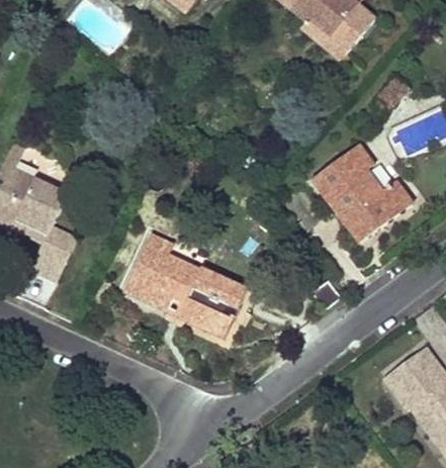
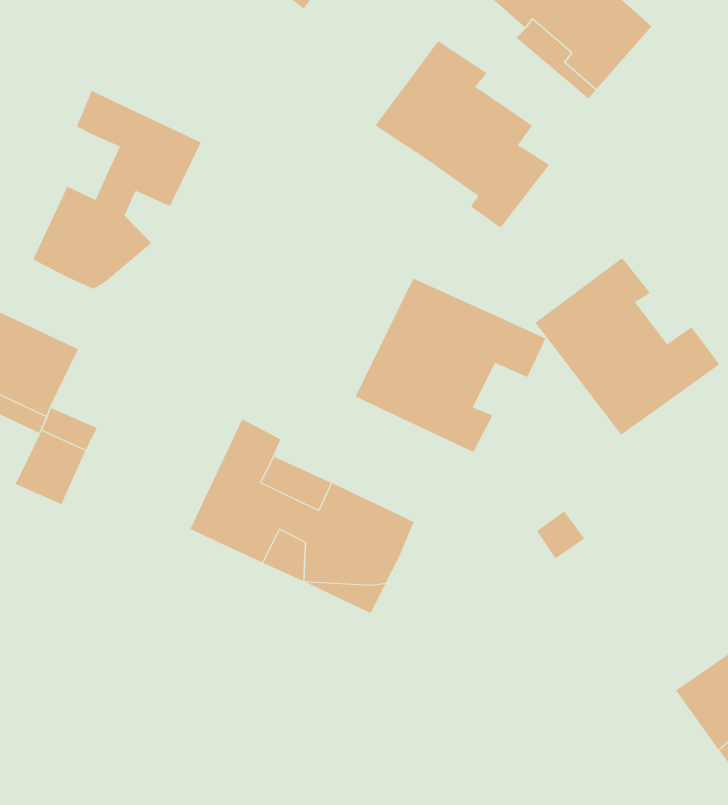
building: none -> [374,40,550,229]
building: none -> [33,90,202,289]
building: none -> [355,278,546,453]

